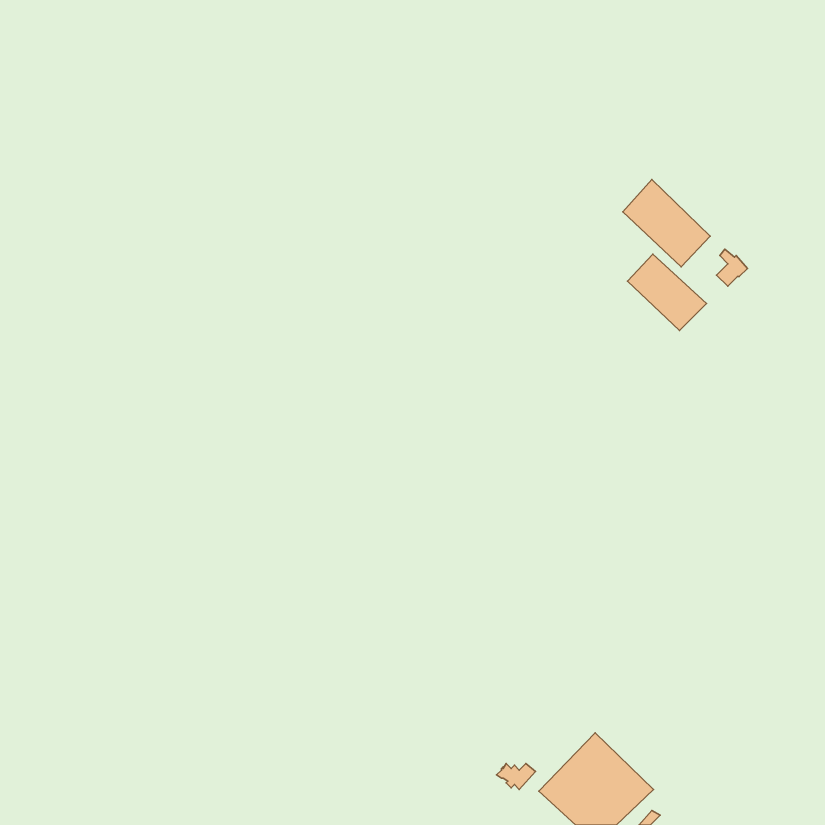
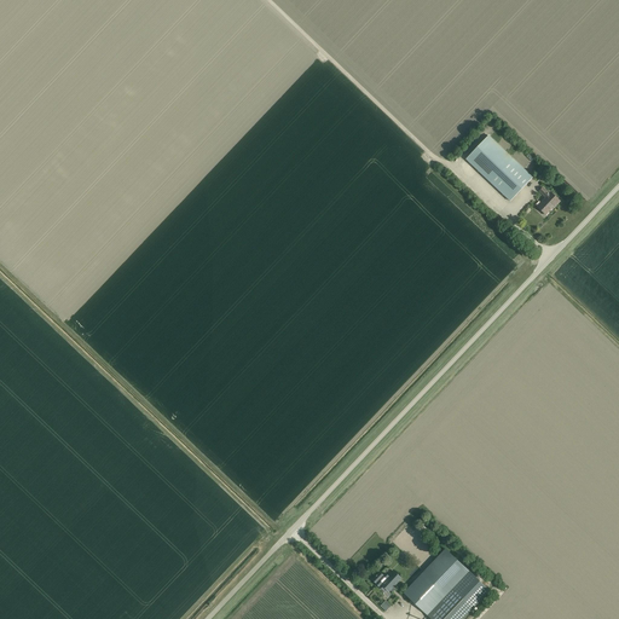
building: [627,254,706,331] -> none

